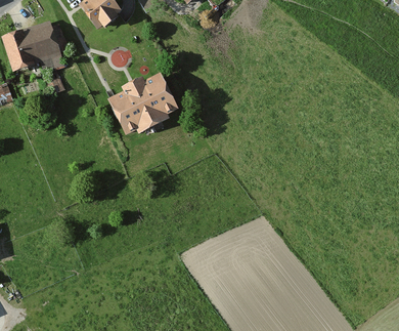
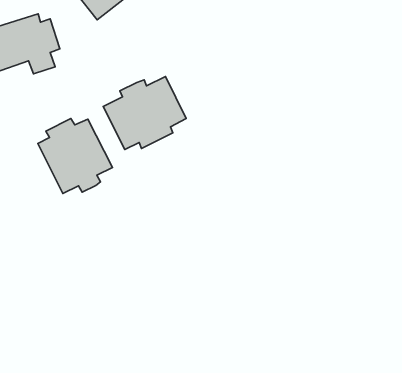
building: none -> [38,119,112,194]

